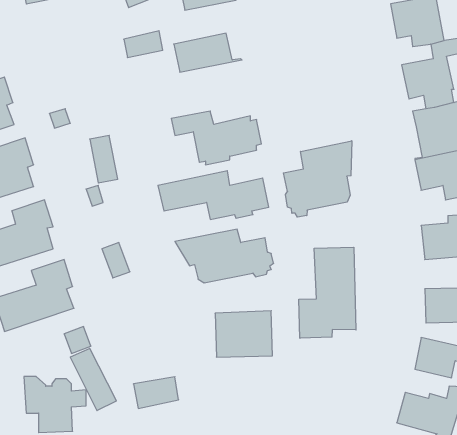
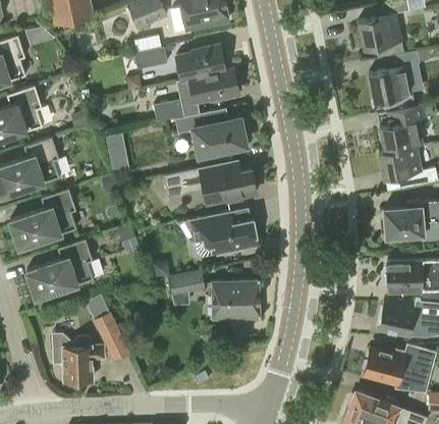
building: none -> [152,70,237,122]
building: [283,141,352,217] -> none
building: [299,247,356,338] -> none
building: [133,377,179,408] -> [167,270,205,297]

